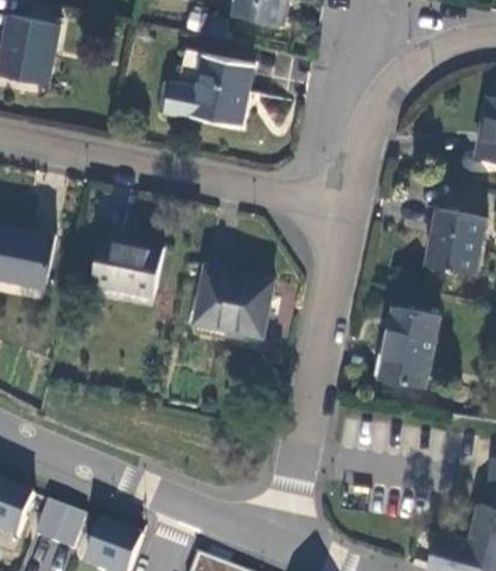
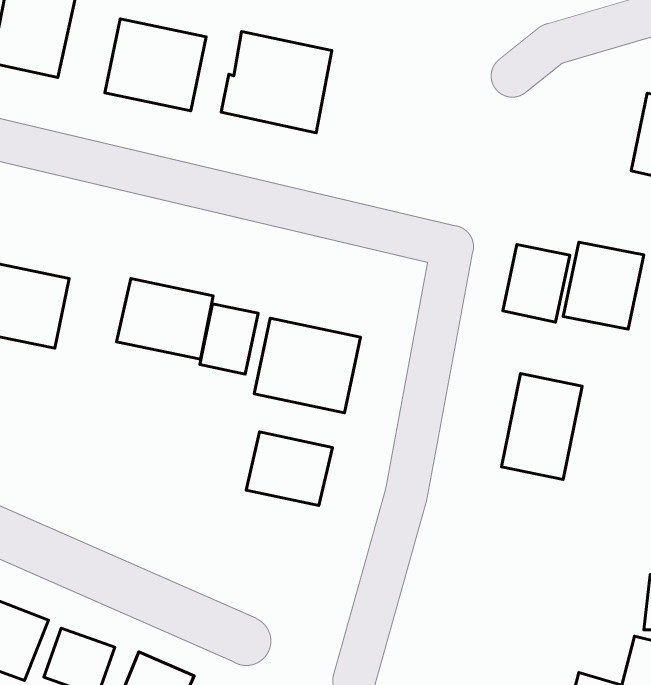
building: none -> [105,19,206,111]
building: none -> [503,245,570,322]
building: none -> [200,304,258,374]
building: none -> [246,432,332,506]

